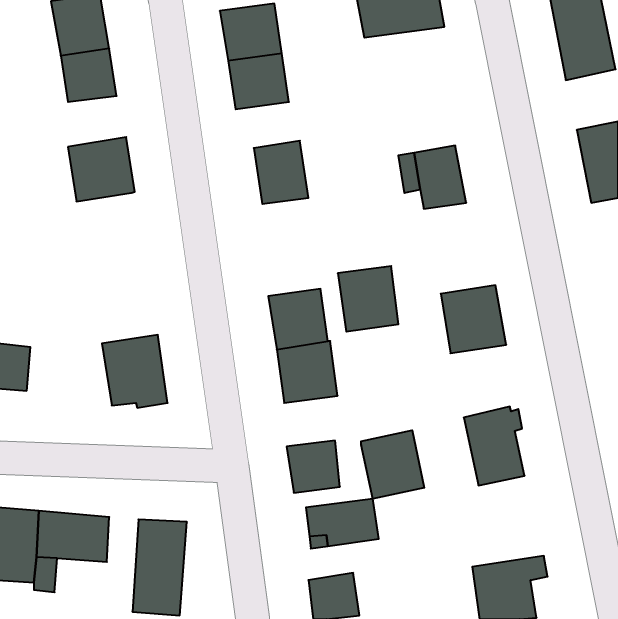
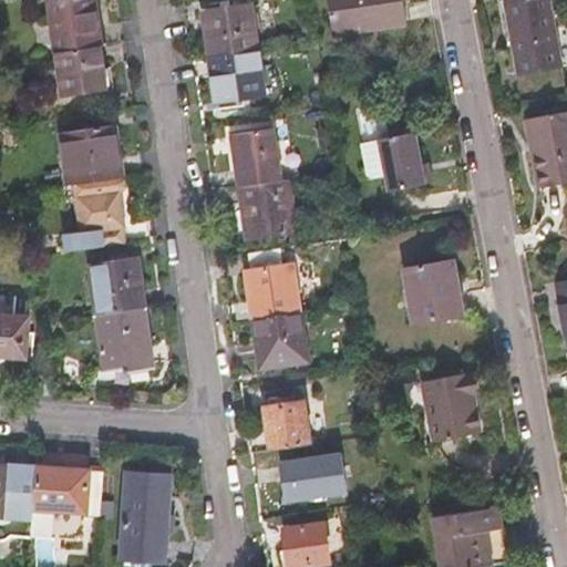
building: none -> [59,176,123,249]
building: [338,266,398,332] -> [239,179,295,239]
building: none -> [86,258,144,313]
building: [361,430,424,499] -> none

